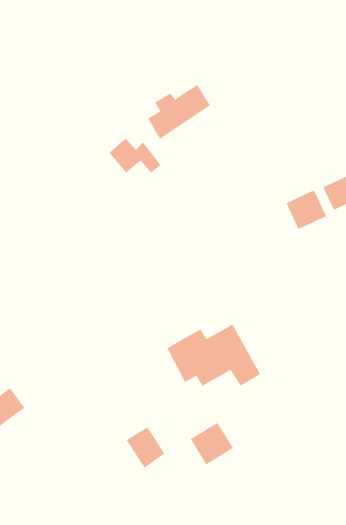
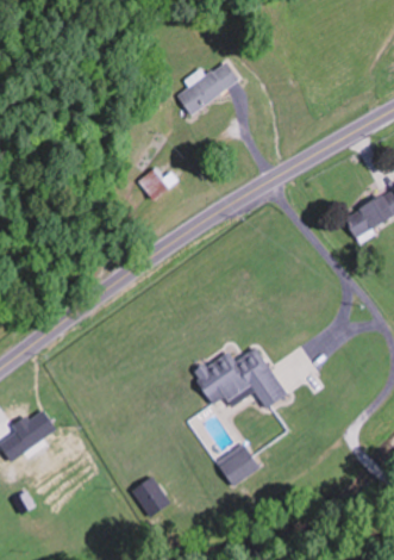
building: [147,84,211,139] -> [176,61,238,114]
building: [286,189,327,230] -> none
building: [126,427,165,468] -> [130,477,168,517]

